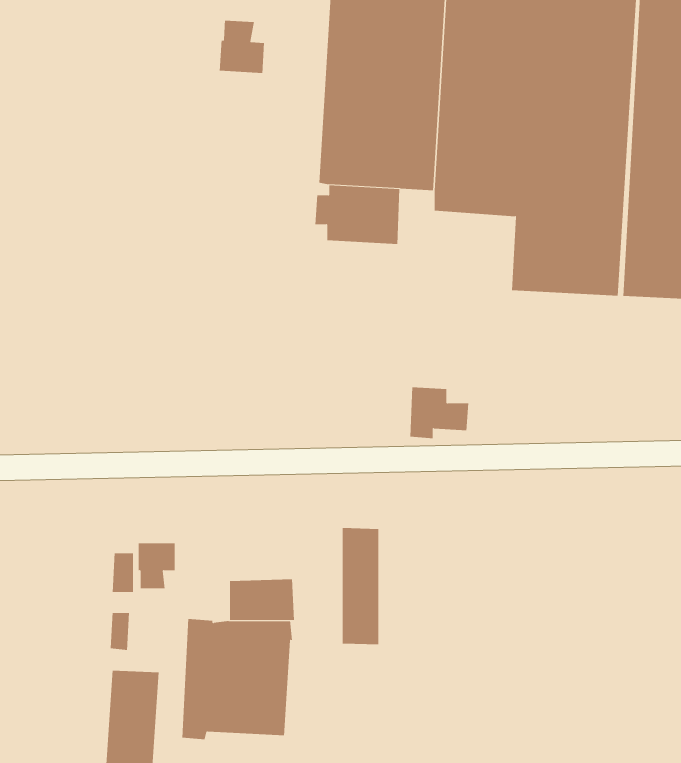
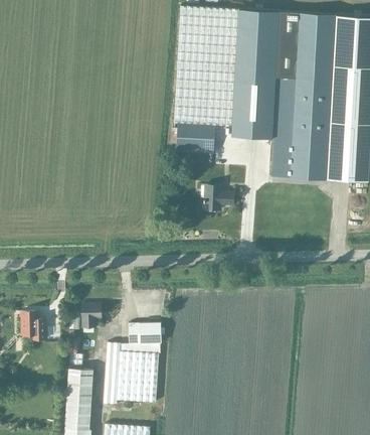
building: [219,20,265,74] -> none
building: [410,387,469,439] -> [204,184,234,210]
building: [342,527,379,645] -> none
building: none -> [22,312,46,341]

